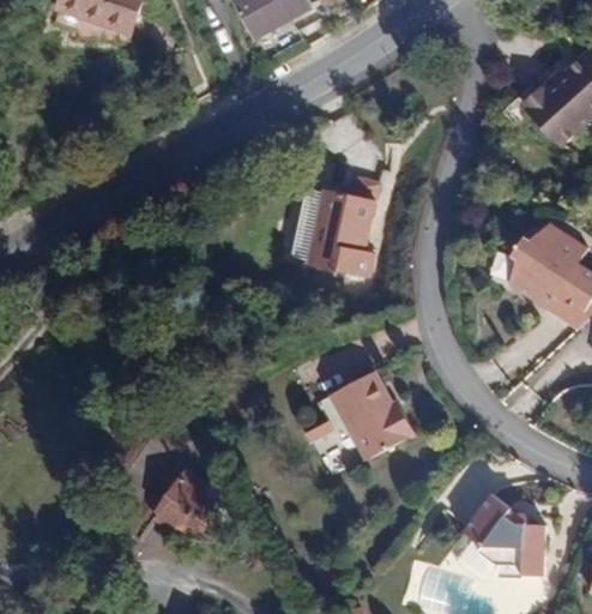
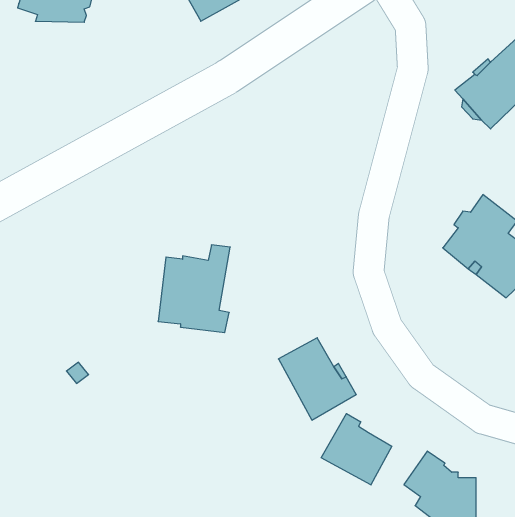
building: [300,179,377,273] -> [158,245,230,333]
building: none -> [321,414,392,485]
building: [153,471,215,529] -> none

